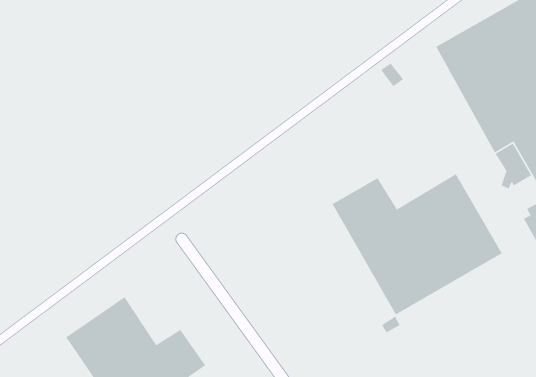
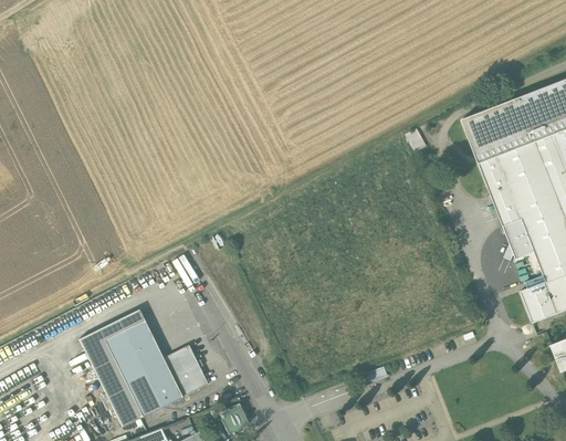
building: [331,173,503,315] -> none

